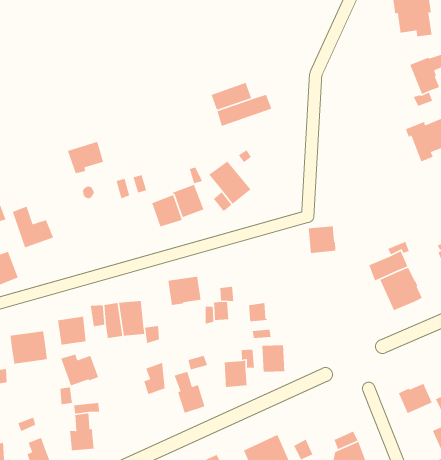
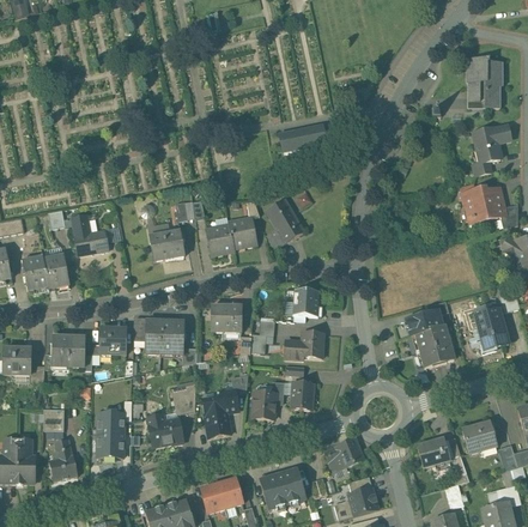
building: [67,141,105,174] -> [148,230,183,259]
building: [308,225,336,254] -> [292,287,318,314]
building: none -> [301,331,323,356]
building: [60,353,99,387] -> [147,413,182,444]
building: none -> [323,437,363,474]

